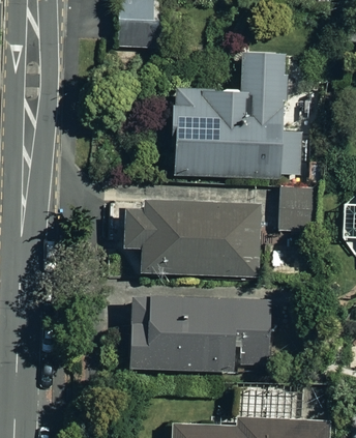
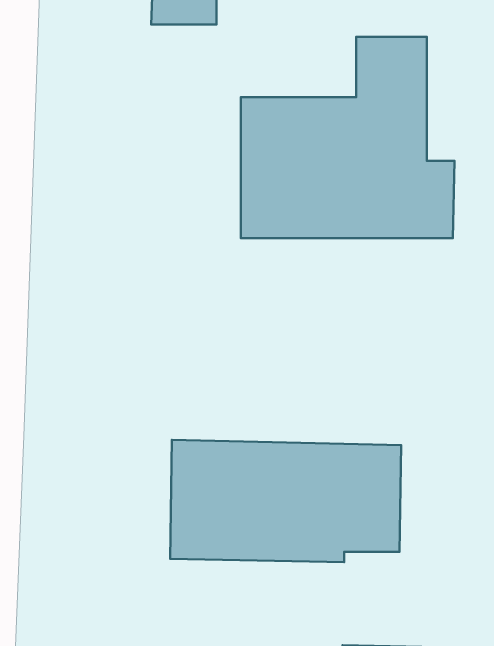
building: [283,185,316,232] -> none
building: [124,203,262,275] -> none

